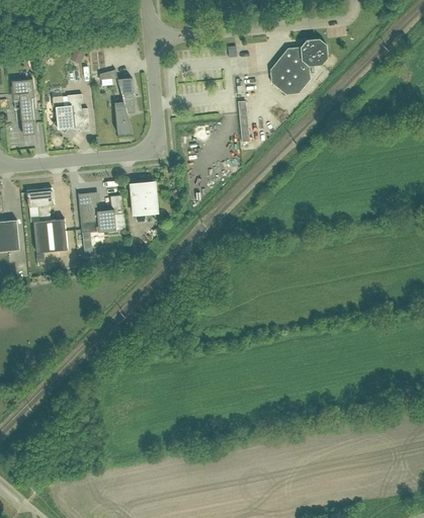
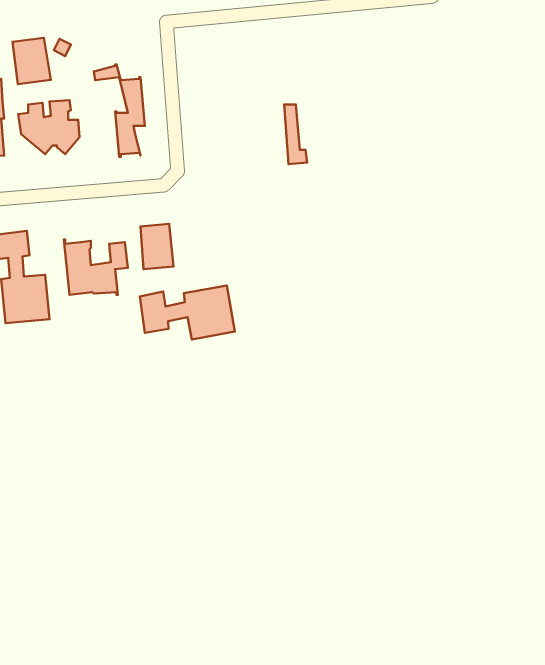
building: [270,38,328,94] -> none
building: none -> [13,38,51,84]
building: none -> [140,285,235,339]

